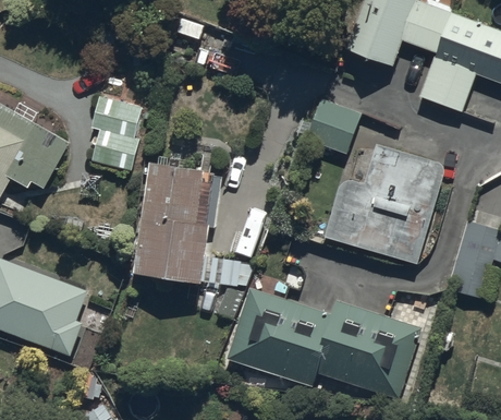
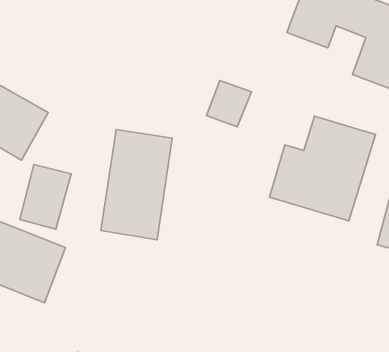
building: [84,96,143,170] -> [20,164,71,229]
building: [310,100,362,154] -> [207,80,251,127]
building: [223,287,419,398] -> none

